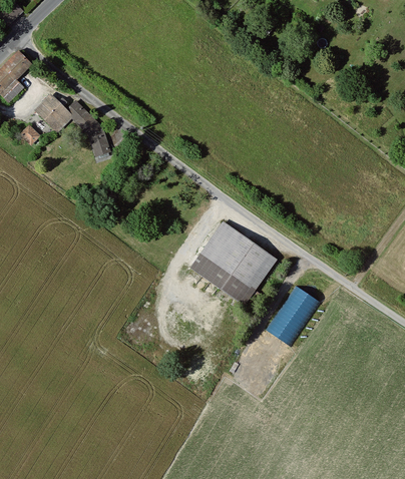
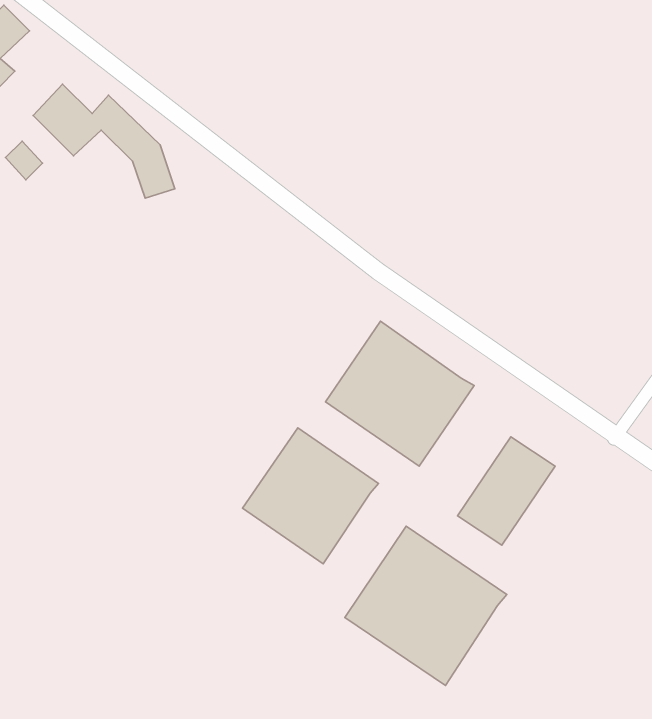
building: none -> [243,428,378,564]
building: none -> [345,526,507,686]

